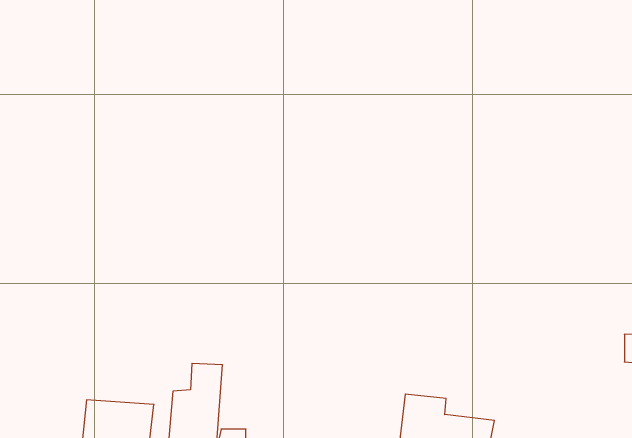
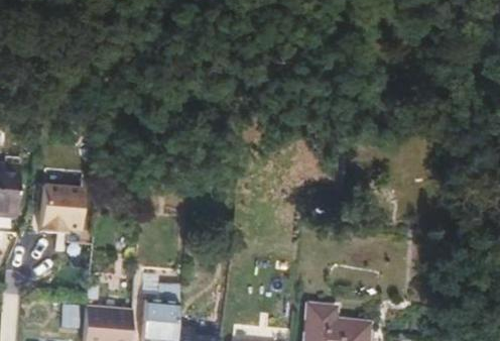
building: none -> [44,182,88,233]

